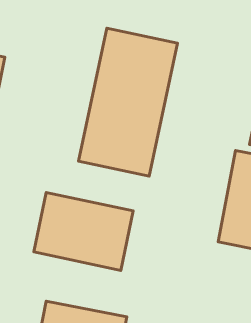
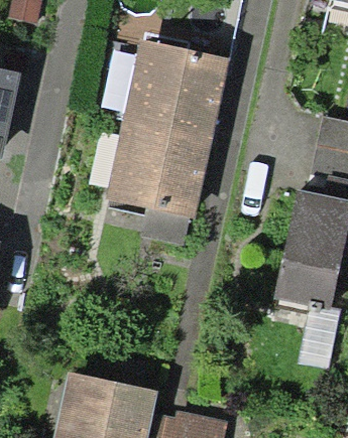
building: [34,192,133,270] -> none

